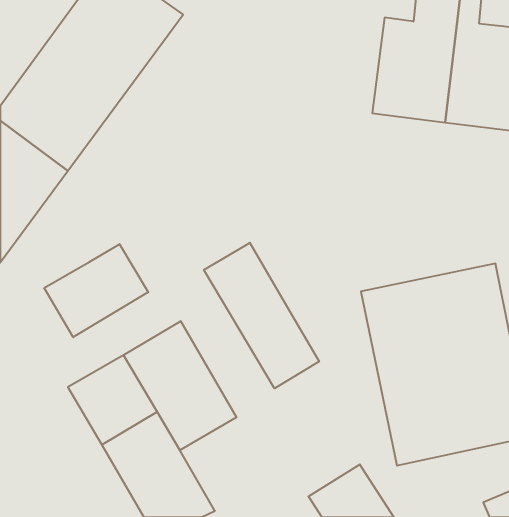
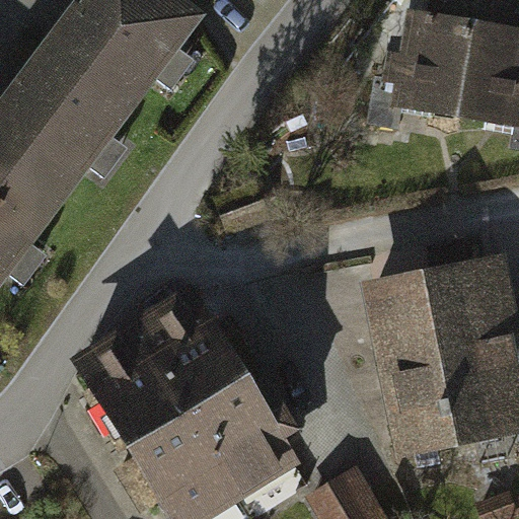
building: [204,243,319,388] -> none
building: [44,244,148,337] -> none
building: none -> [194,411,284,503]

